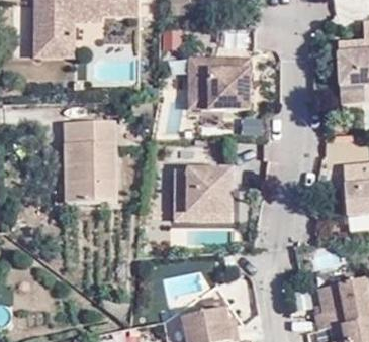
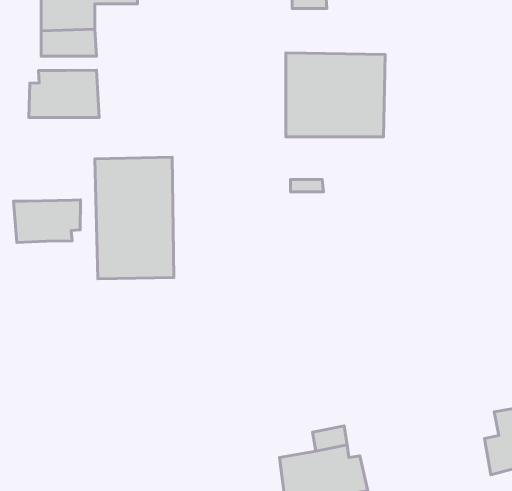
building: none -> [29,70,99,118]
building: none -> [14,200,81,242]
building: [171,170,229,223] -> none

